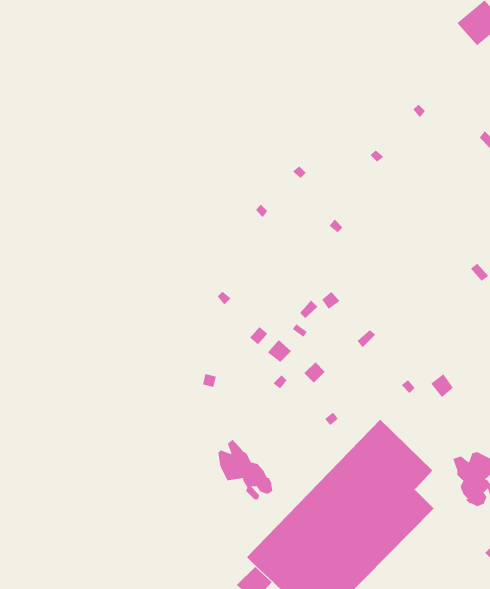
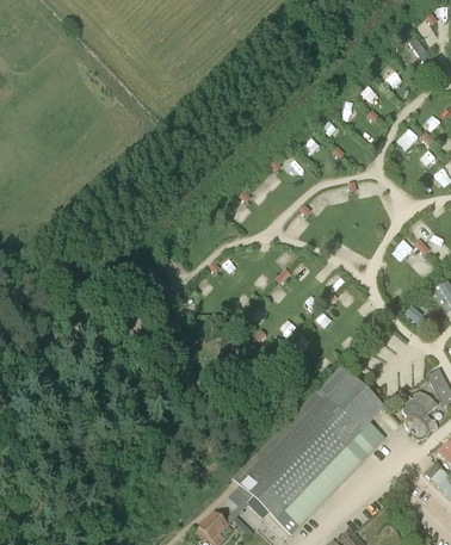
building: [217,439,273,500] -> none

